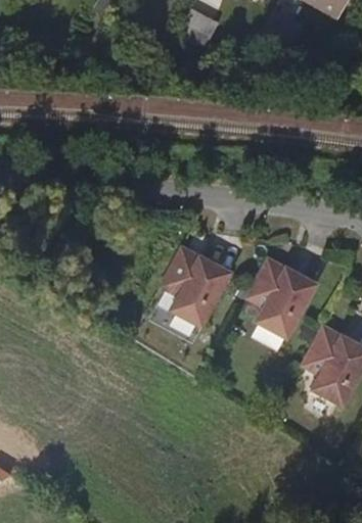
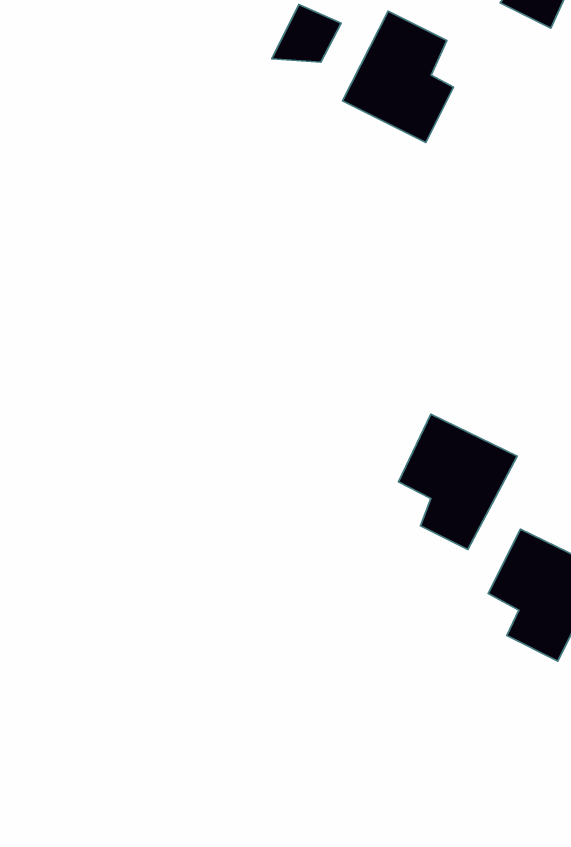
building: none -> [343,11,454,142]
building: [161,246,233,328] -> none

